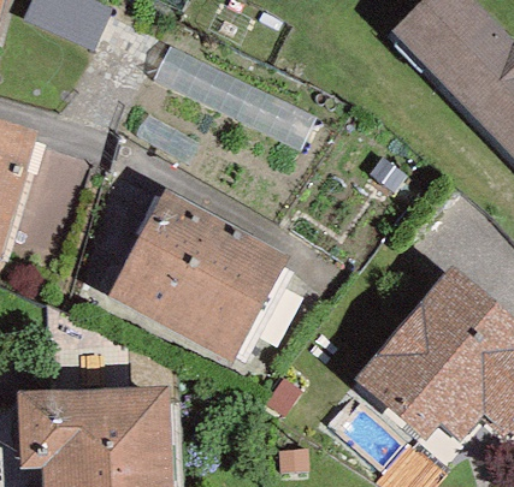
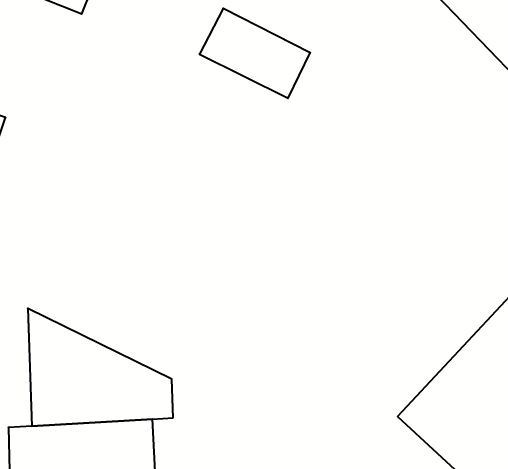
building: [124,213,272,351] -> none

